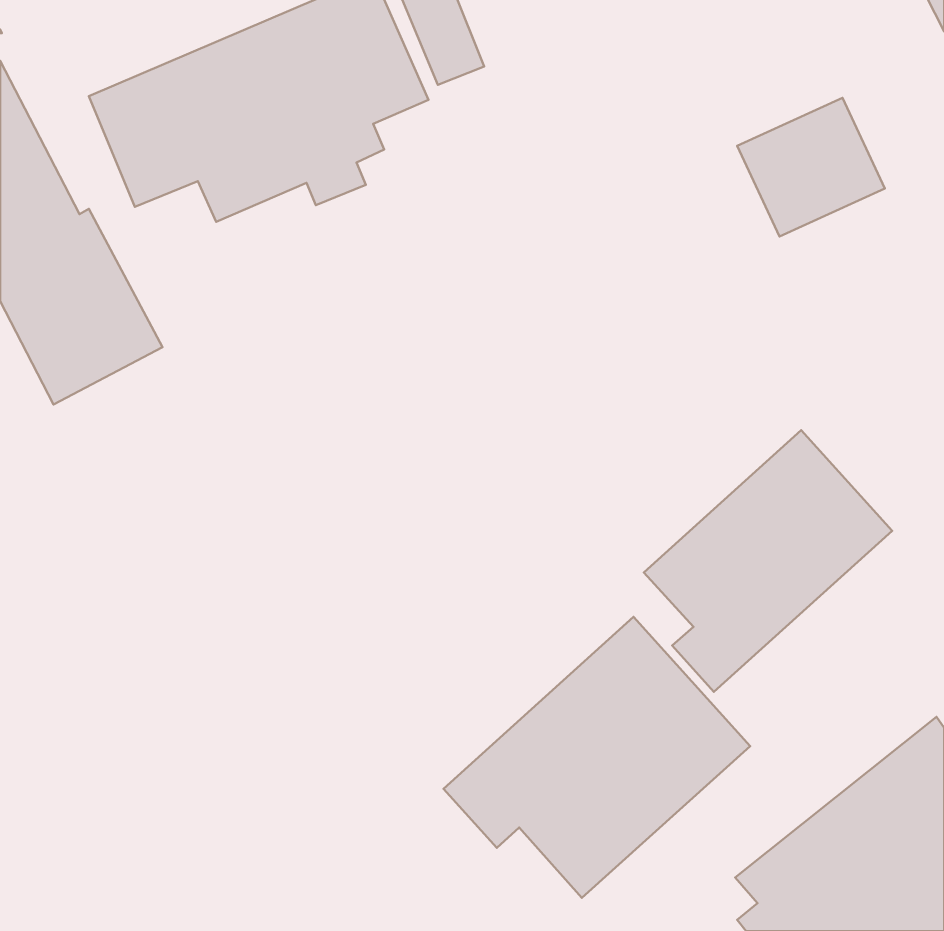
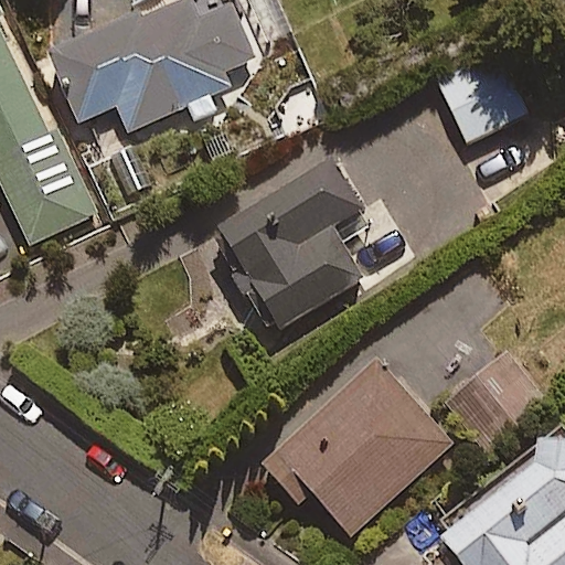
building: none -> [212,162,367,333]
building: [644,430,892,692] -> none

